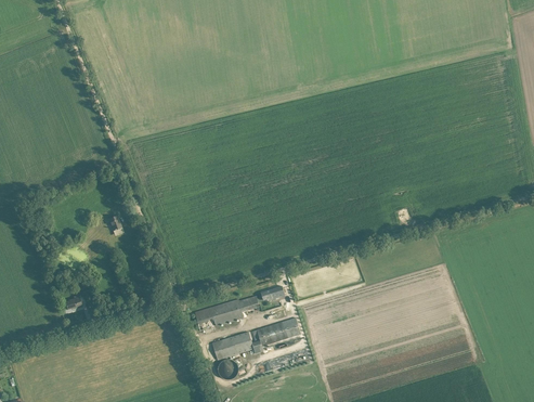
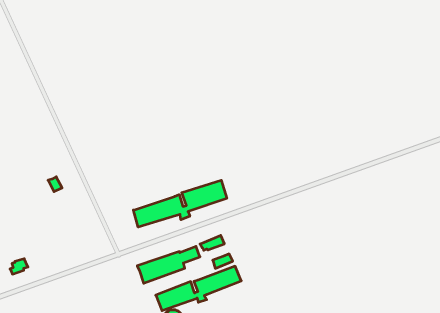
building: none -> [133,180,227,227]

